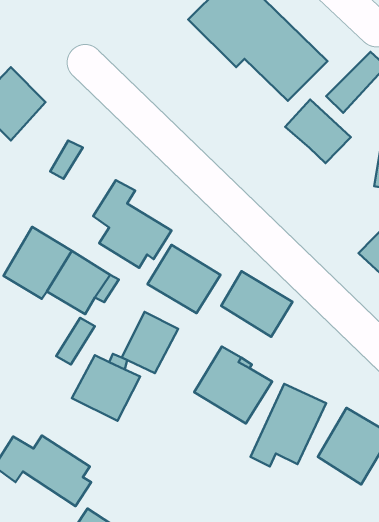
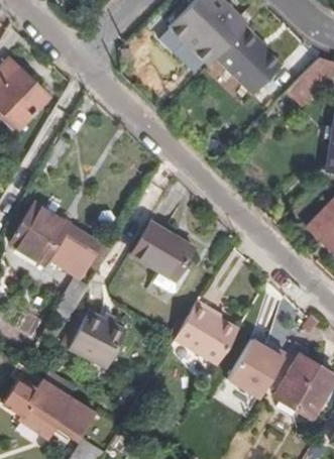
building: [285,100,351,163] -> none
building: [93,180,172,268] -> none
building: [221,271,293,337] -> none
building: [122,312,178,373] -> none

